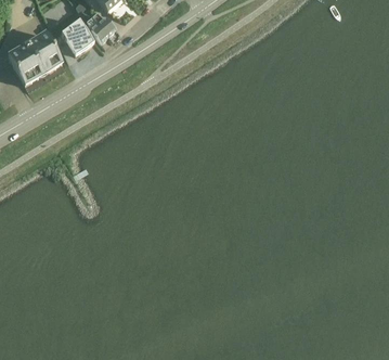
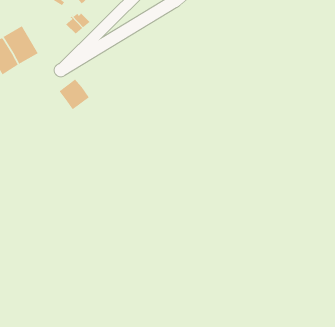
building: [62,22,94,54] -> [58,79,90,110]

